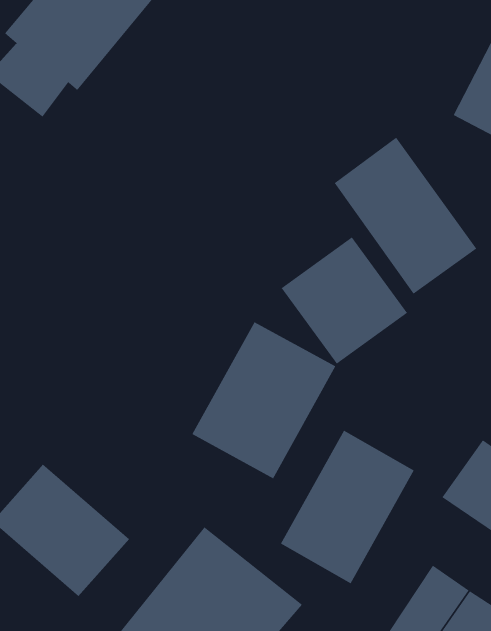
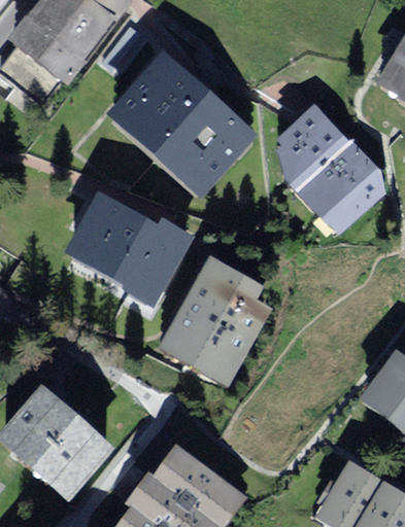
building: none -> [98,65,257,217]
building: [281,237,408,364] -> none
building: none -> [67,202,184,313]
building: [280,430,414,584] -> none

